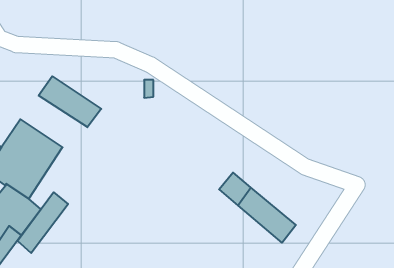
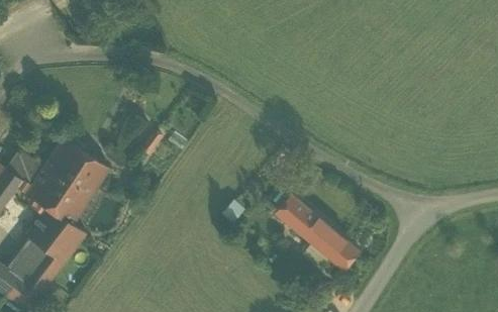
building: [39,76,101,127] -> none
building: [17,192,68,253] -> none

